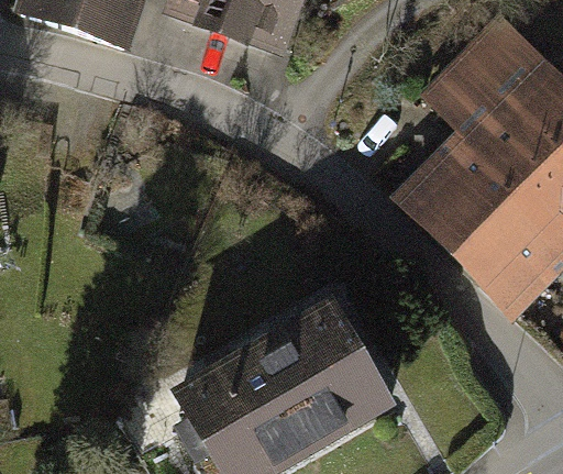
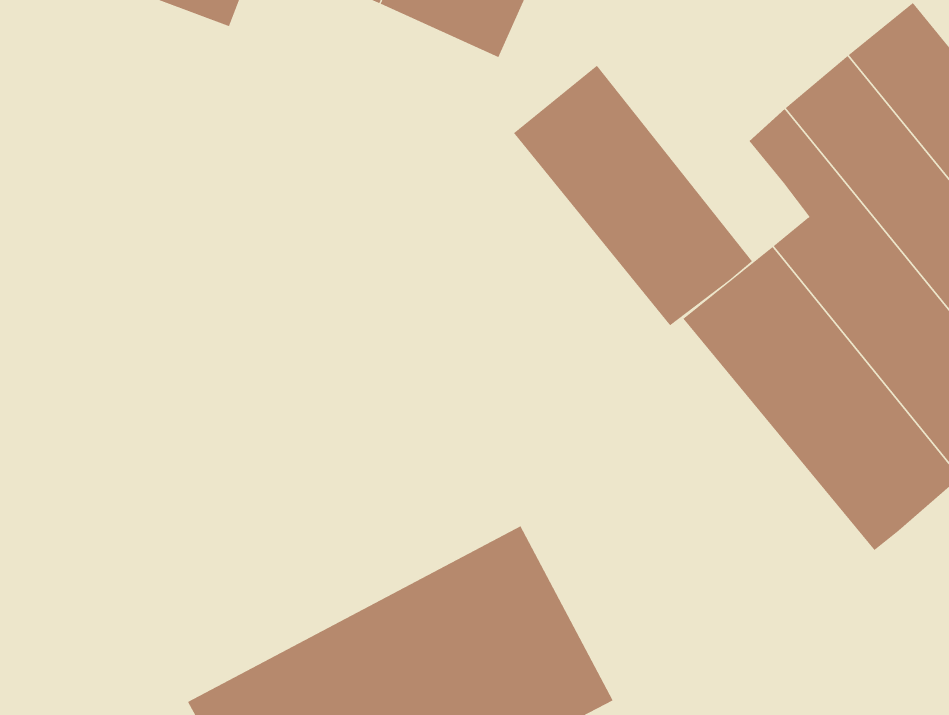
building: none -> [513,65,753,326]

